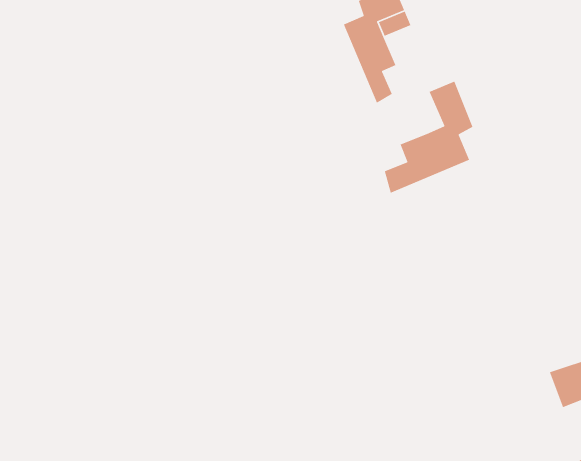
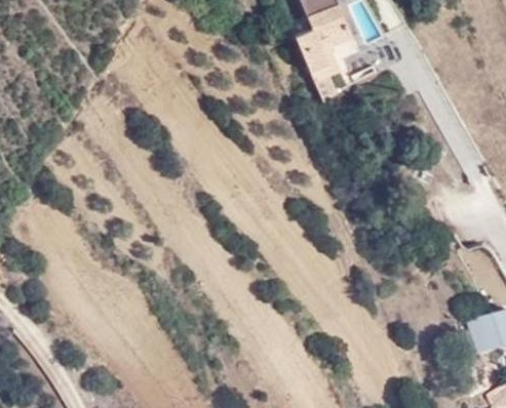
building: [384,81,474,194] -> none

